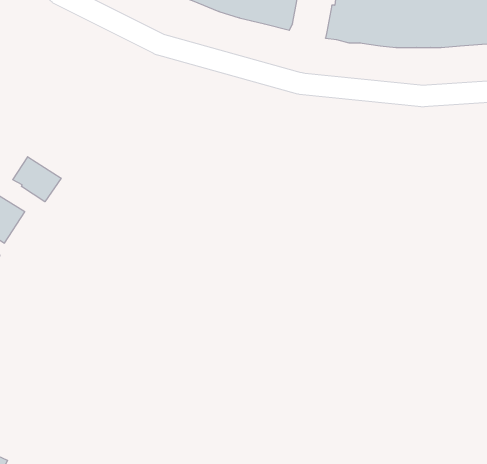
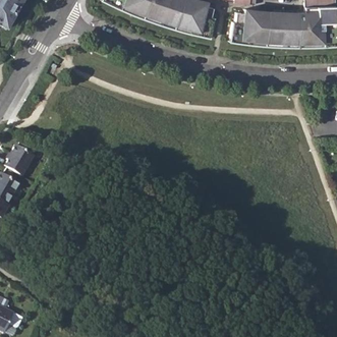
building: [13,157,61,202] -> none

